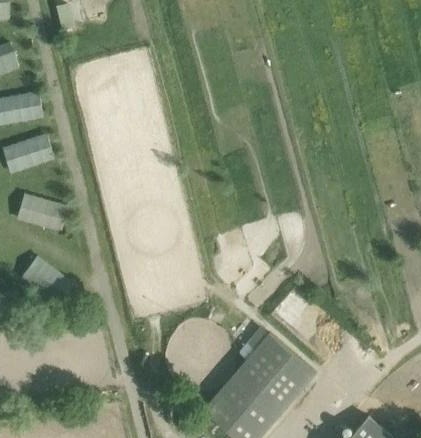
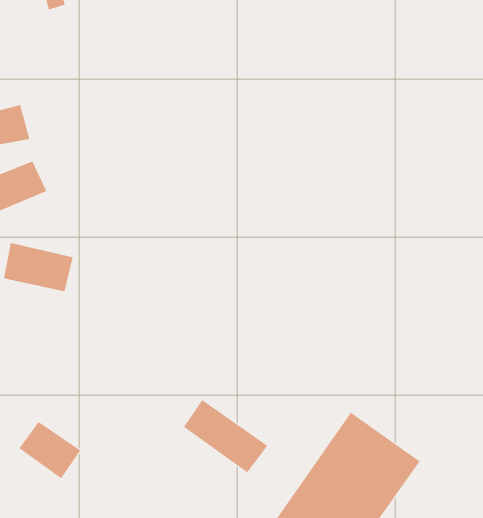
building: [22,258,68,302] -> [18,421,81,479]
building: none -> [183,399,268,473]

